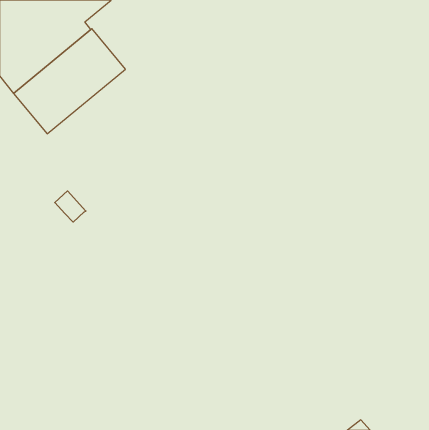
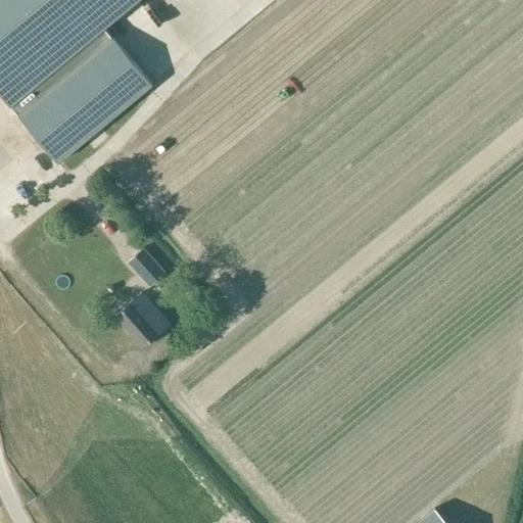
building: [55,191,86,222] -> [127,247,164,285]
building: none -> [113,291,170,347]

